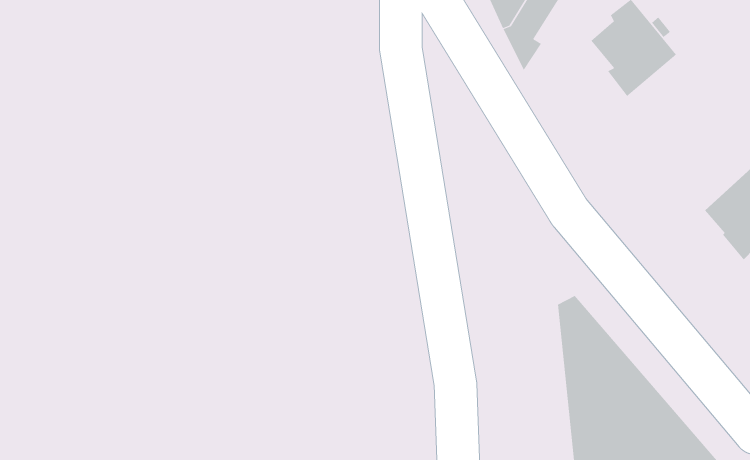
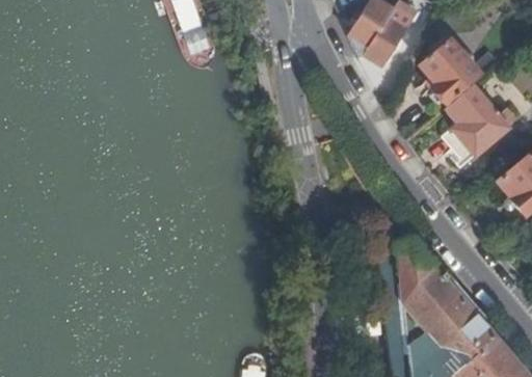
building: none -> [447,82,515,153]

